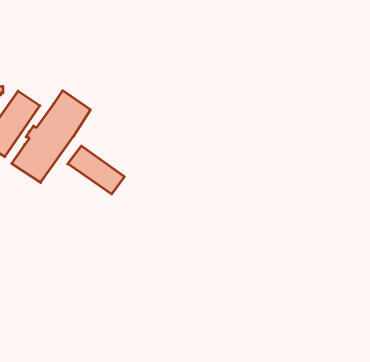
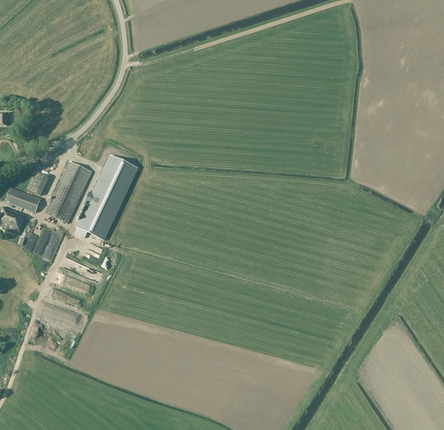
building: [68,146,124,194] -> none

